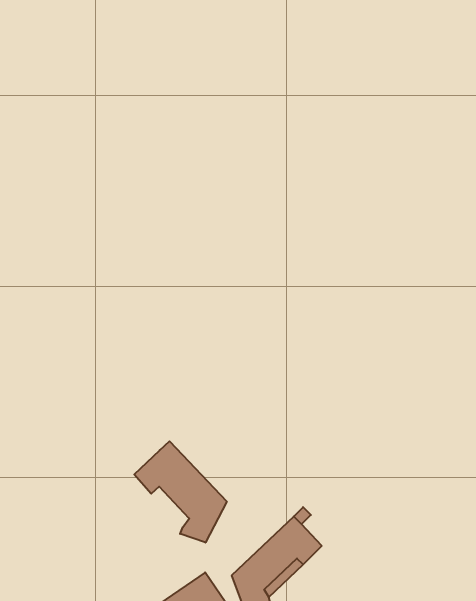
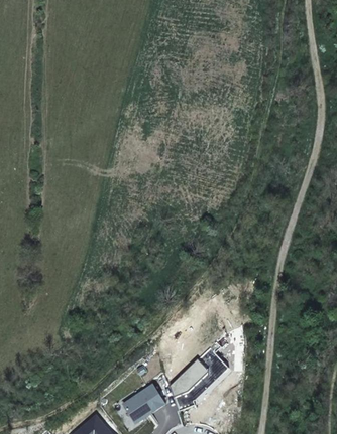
building: [134,441,227,543] -> none

